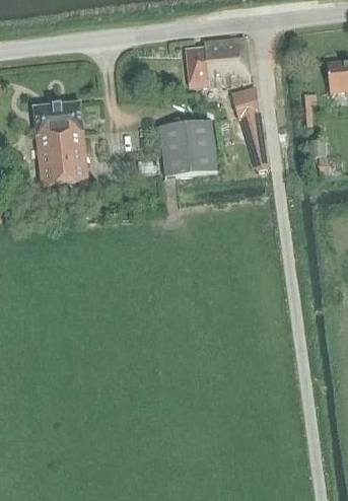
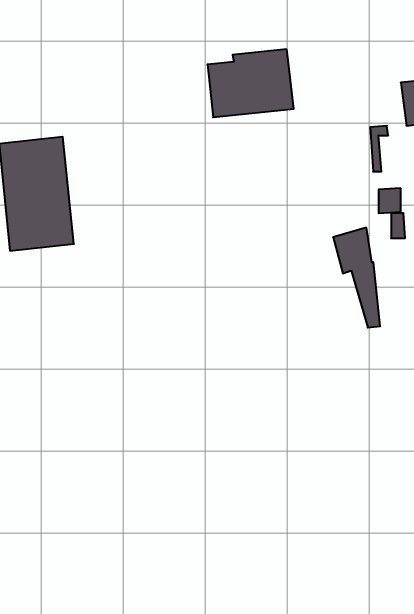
building: [230,85,265,158] -> [333,228,380,328]
building: [158,119,217,175] -> none

